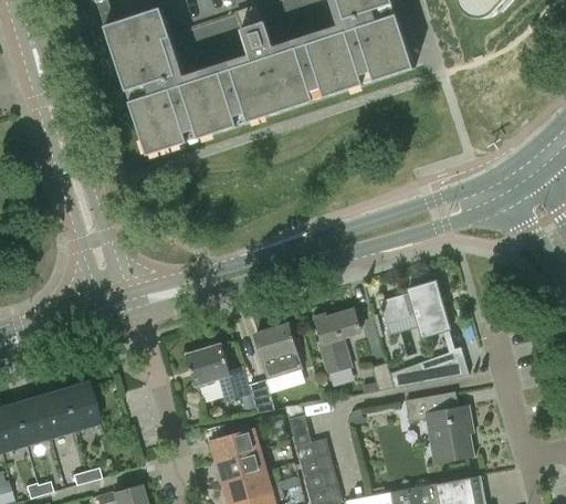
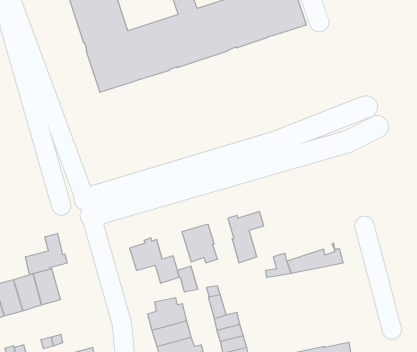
building: [378,281,448,338] -> none
building: none -> [26,233,67,275]
building: [405,391,473,464] -> none

